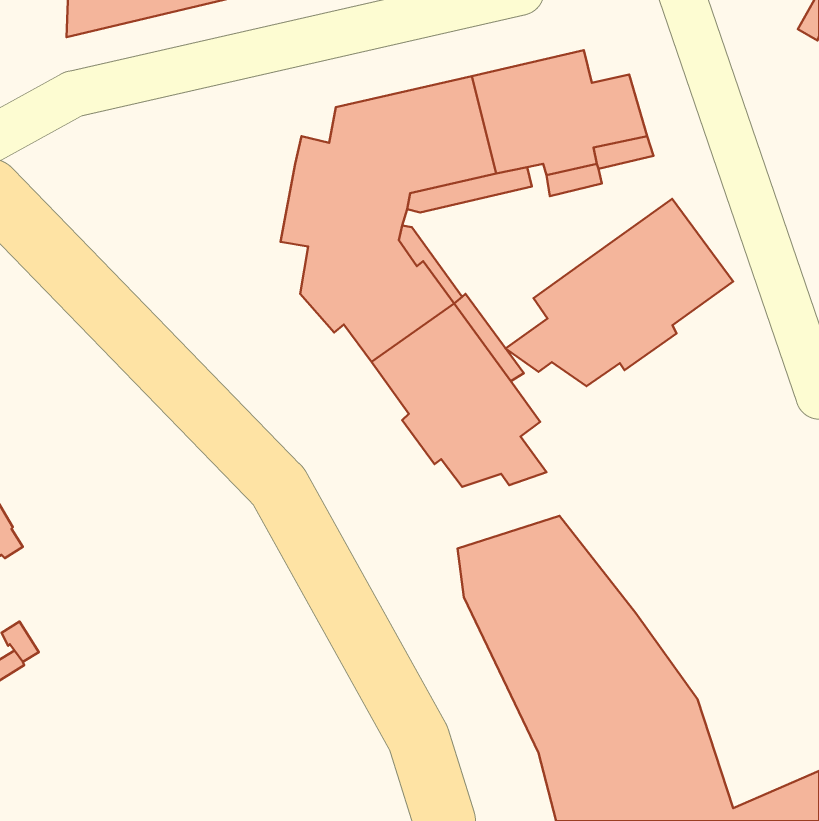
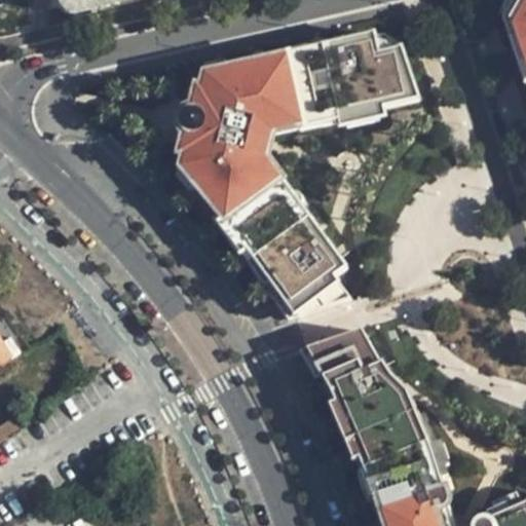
building: [506,199,733,386] -> none

